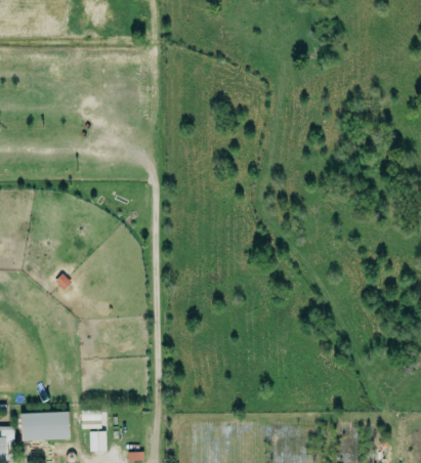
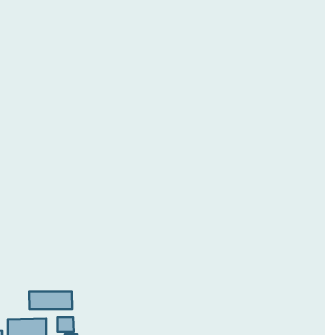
building: none -> [29,292,72,309]

